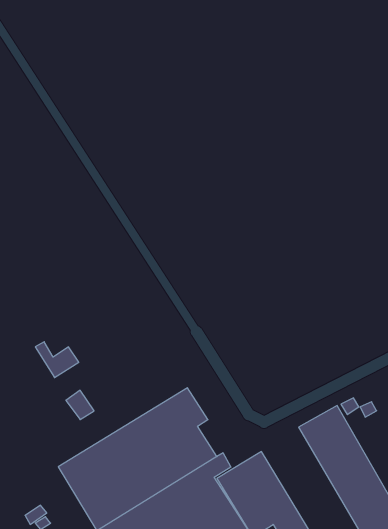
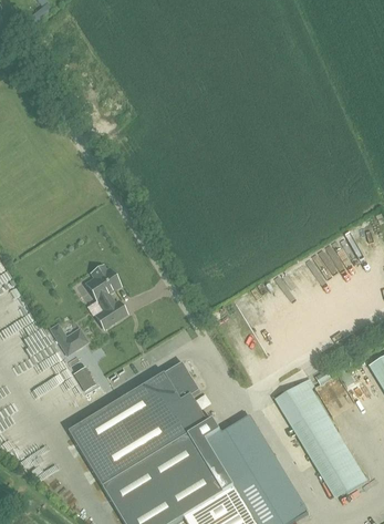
building: none -> [83,266,124,328]

